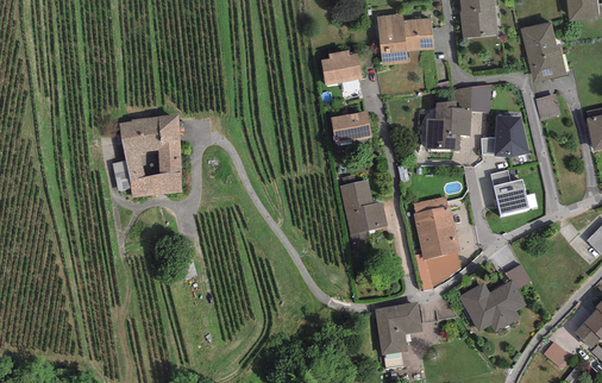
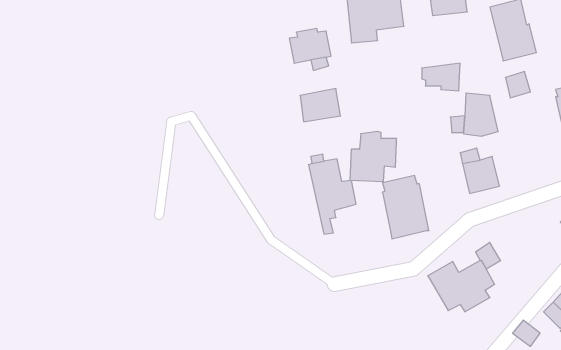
building: [425,100,471,150] -> [350,131,397,182]
building: [118,113,181,196] -> none
building: [415,251,460,289] -> none
building: [374,302,421,354] -> none

